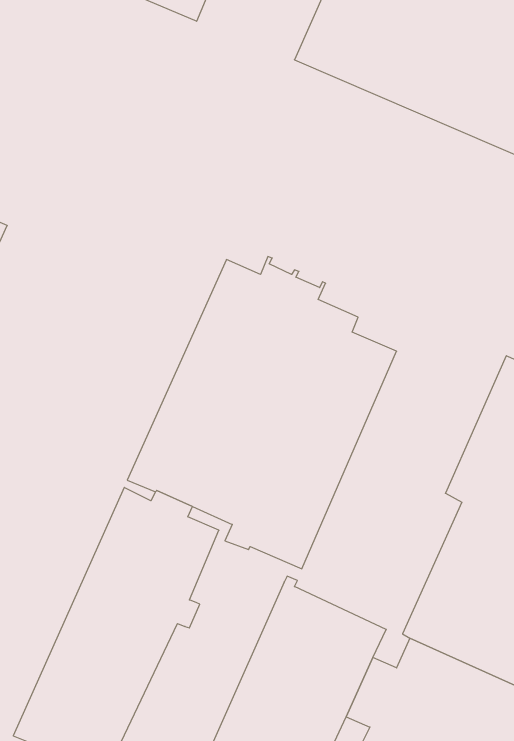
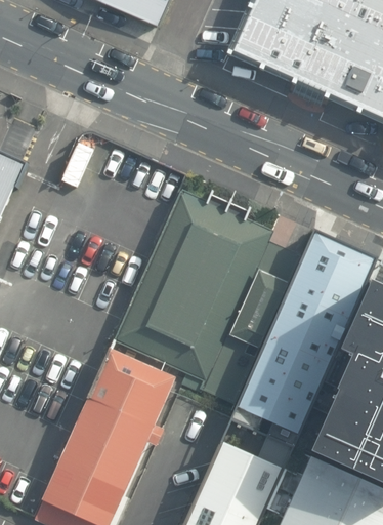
building: none -> [229,229,376,446]

